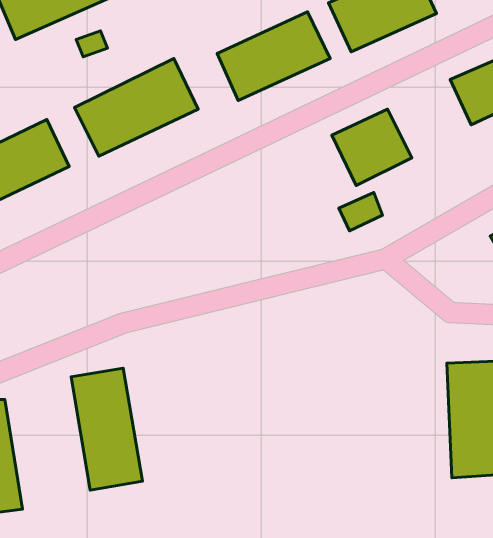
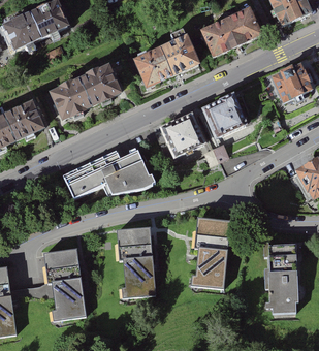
building: none -> [156,113,206,159]
building: none -> [62,150,154,198]
building: none -> [193,217,229,286]
building: none -> [118,226,156,295]

